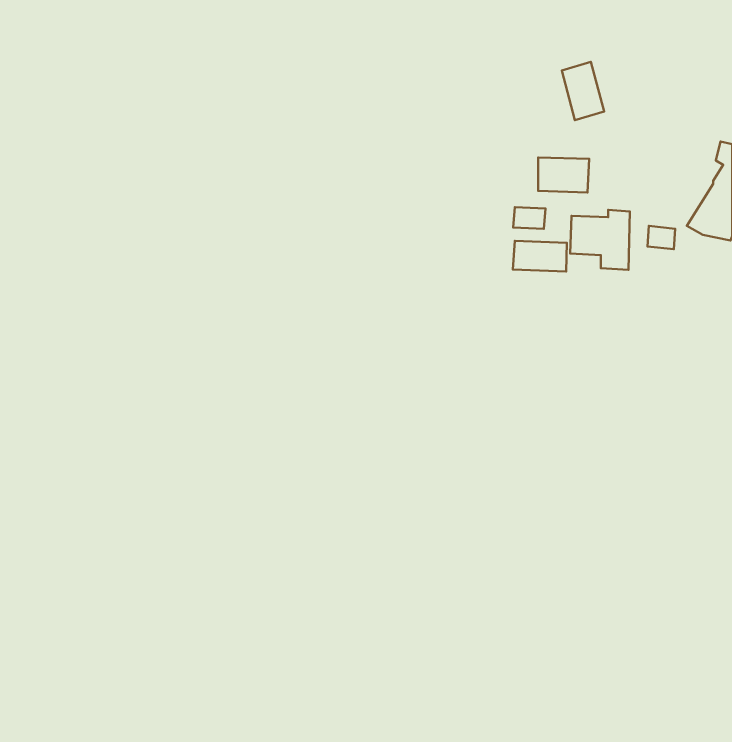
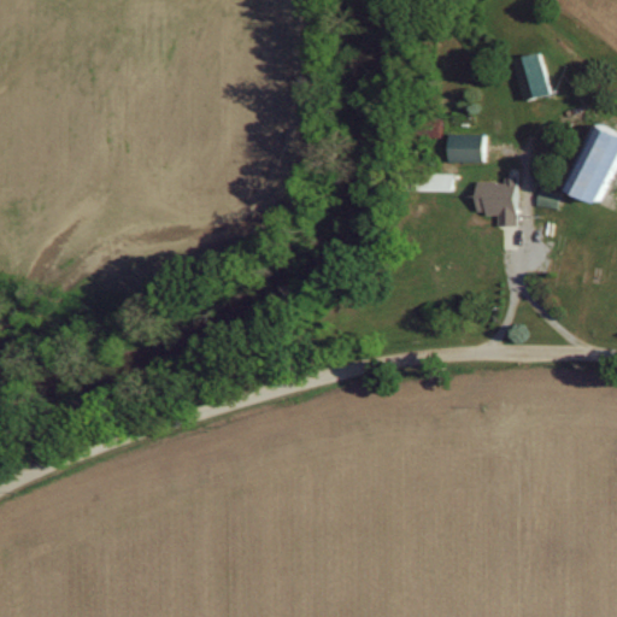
building: [562,62,604,120] -> [515,52,550,100]
building: [513,241,567,271] -> none

